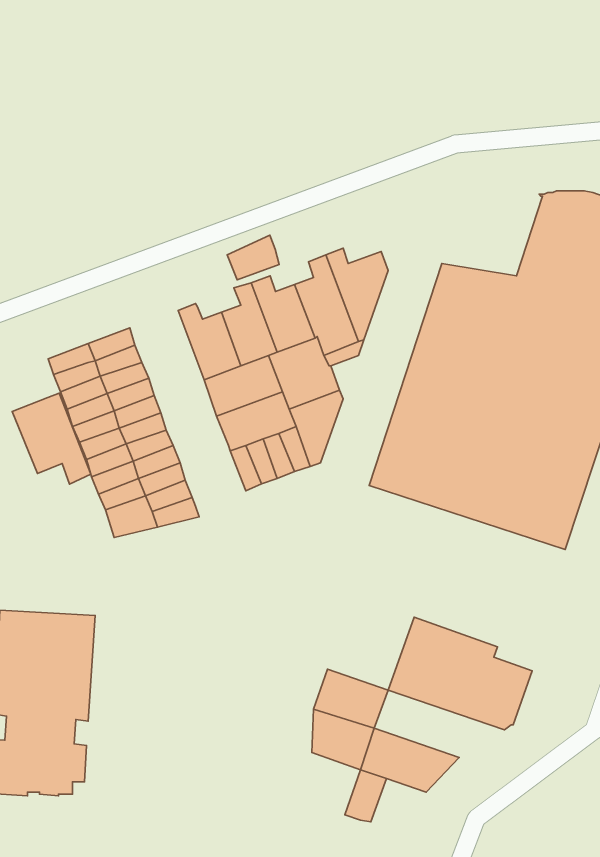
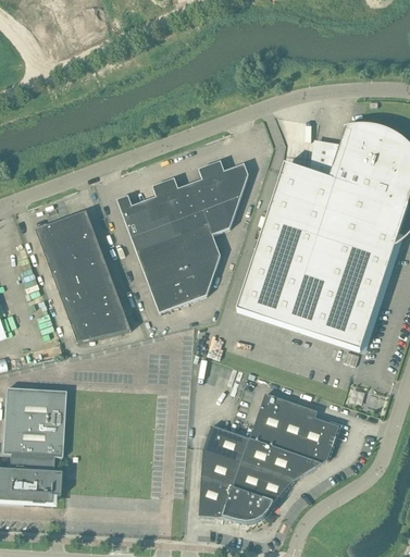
building: [227,235,279,280] -> none
building: [12,393,91,484] -> none
building: none -> [240,437,322,480]
building: none -> [199,476,232,516]
building: none -> [238,493,273,522]

